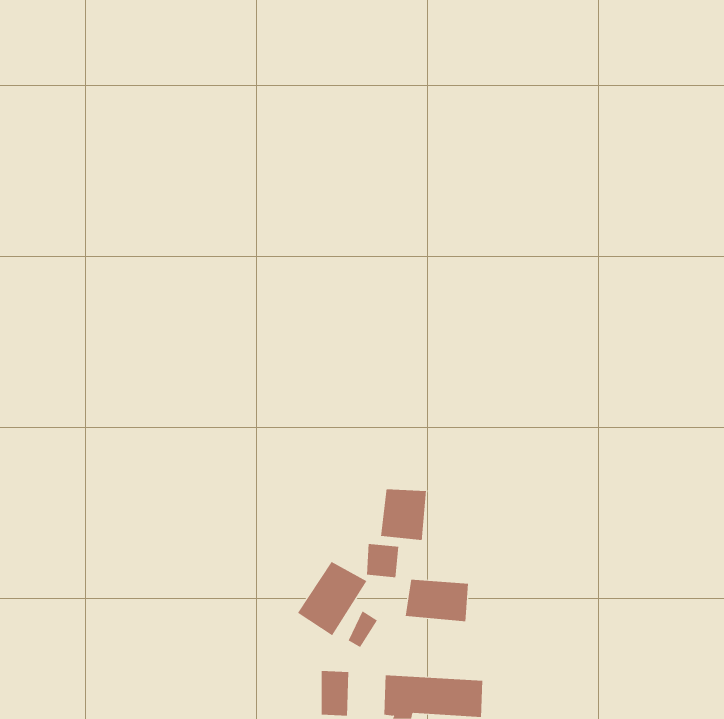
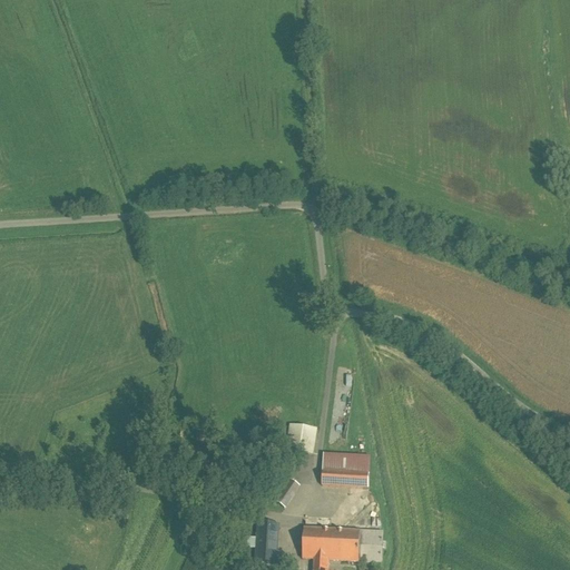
building: [381,489,427,541] -> none
building: [297,561,367,636] -> none

